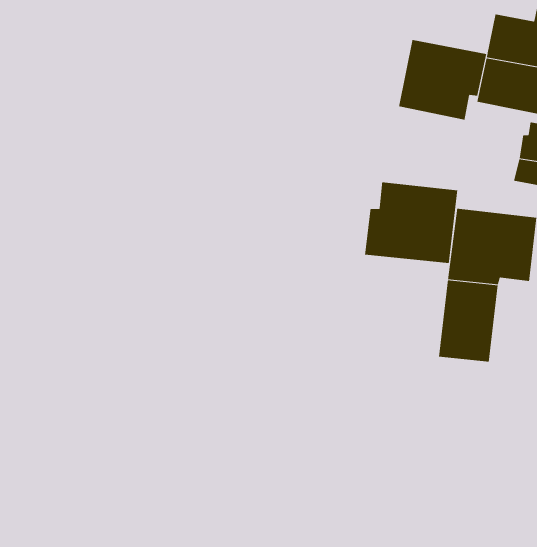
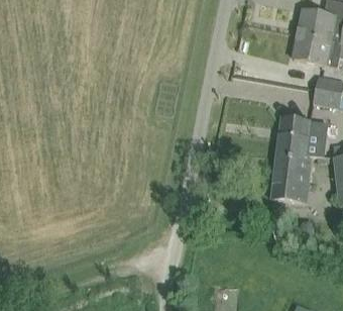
building: [398,39,487,120] -> none
building: [365,181,458,264] -> none

